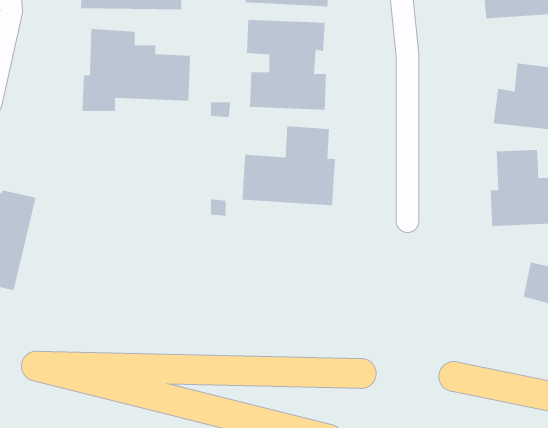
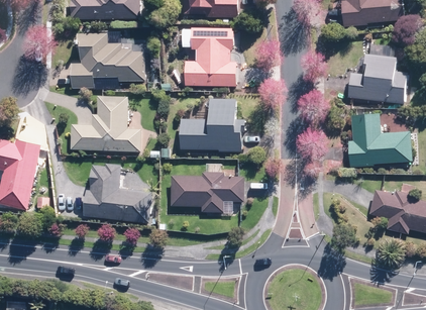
building: none -> [71,95,140,151]
building: none -> [84,165,150,221]
building: none -> [170,171,243,212]

